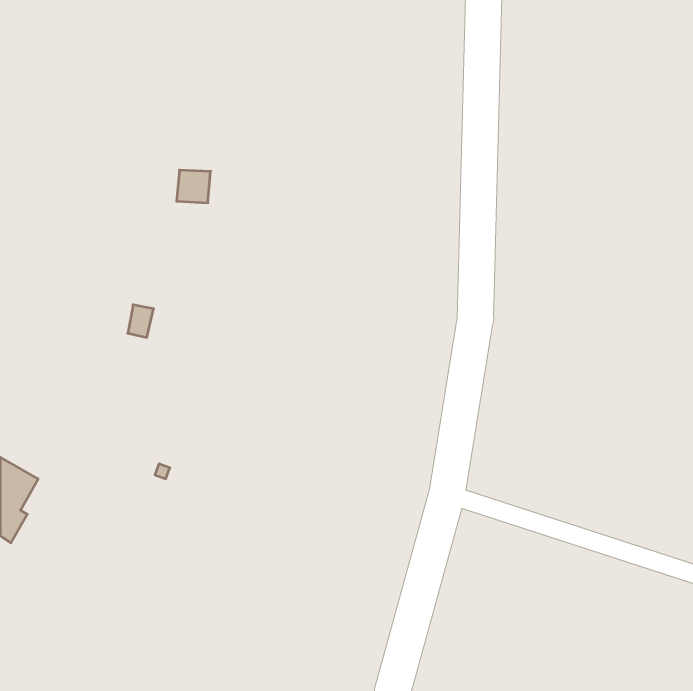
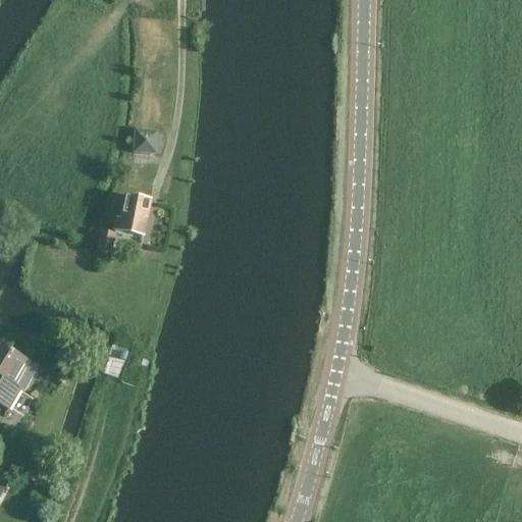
building: none -> [115,195,150,232]

